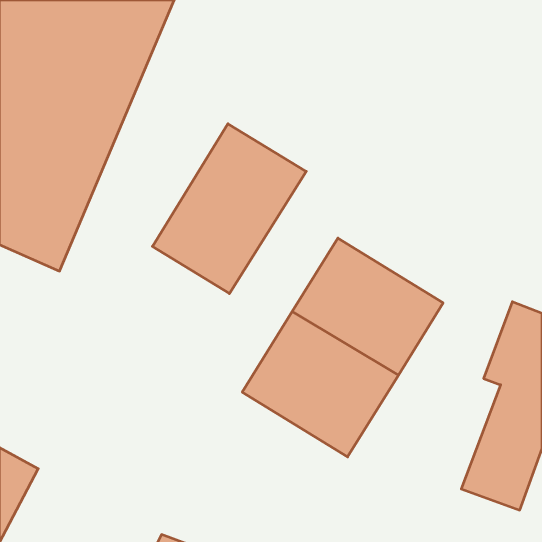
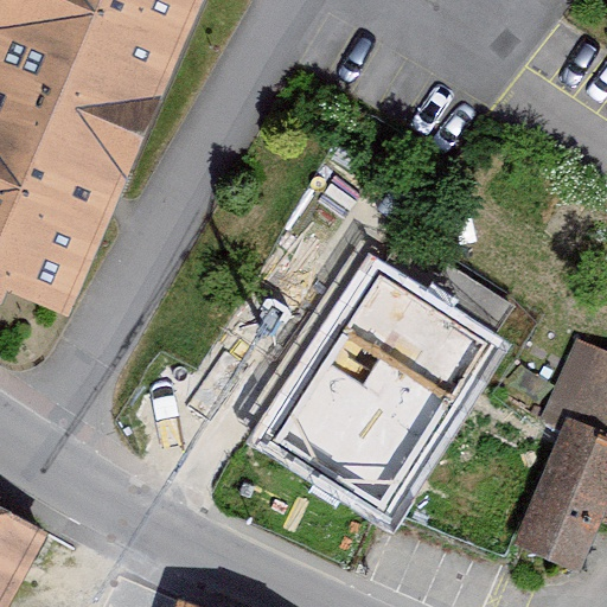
building: [152,124,306,294] -> none

